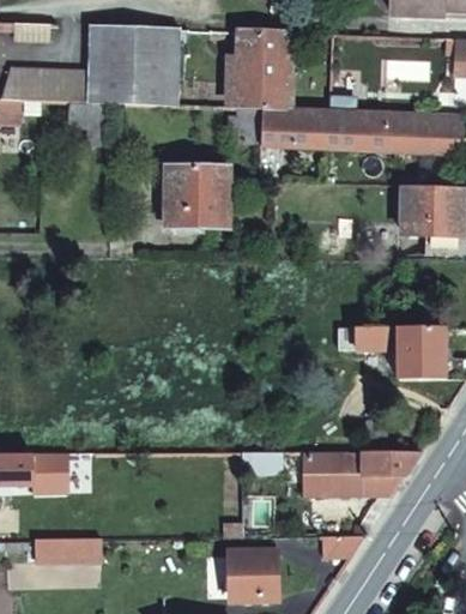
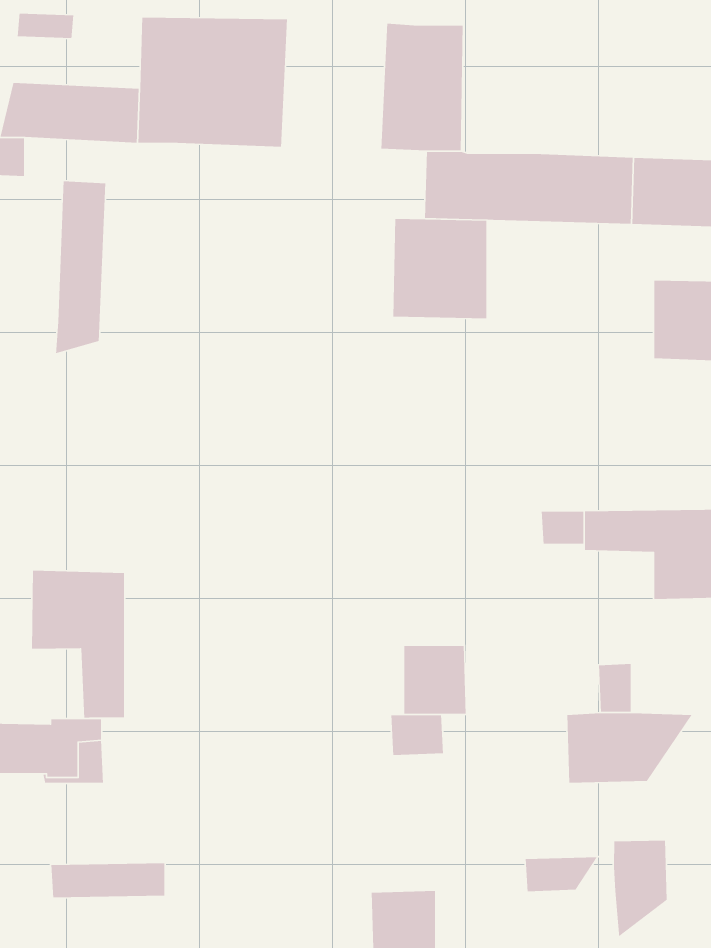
building: none -> [55,180,106,354]
building: [169,168,226,229] -> [392,218,487,319]
building: none -> [31,570,125,718]
building: [310,449,349,490] -> [403,645,467,714]
building: none -> [613,840,667,938]

